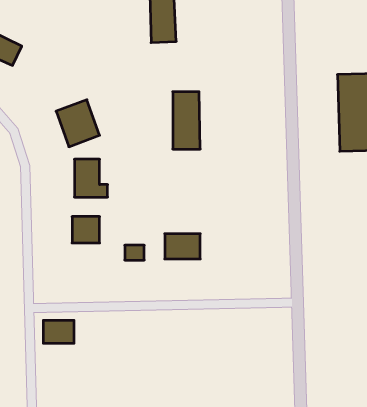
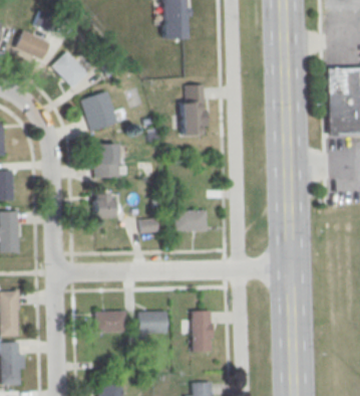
building: none -> [52,52,87,88]
building: [43,320,74,343] -> [96,312,123,332]
building: none -> [193,311,213,352]
building: none -> [138,312,167,333]

